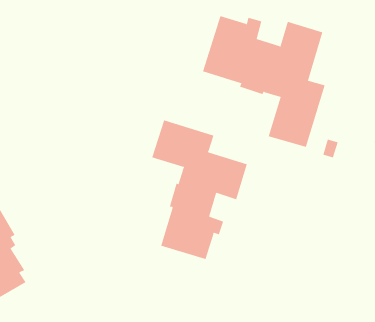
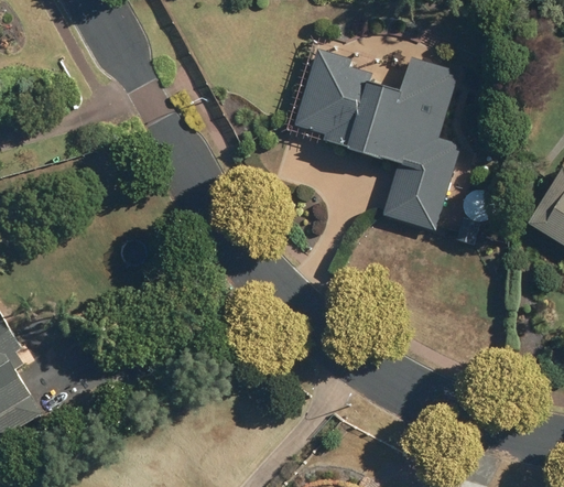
building: [151,119,247,260] -> none

